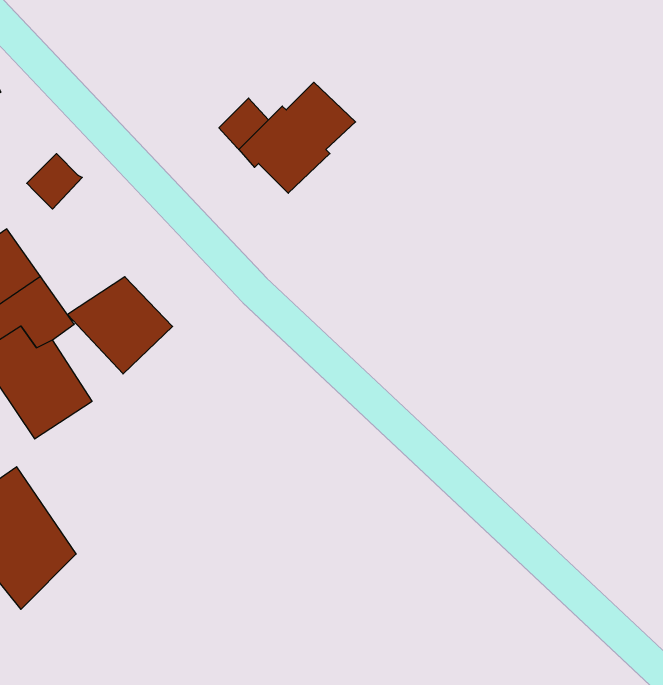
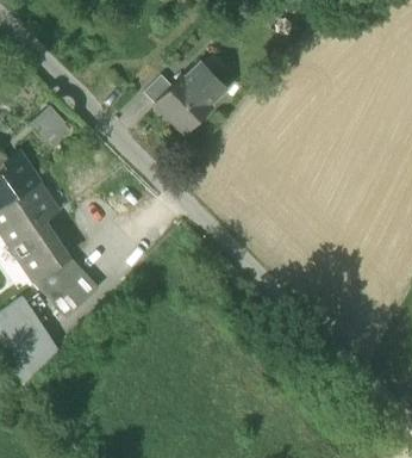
building: [68,277,173,374] -> [33,258,96,316]

